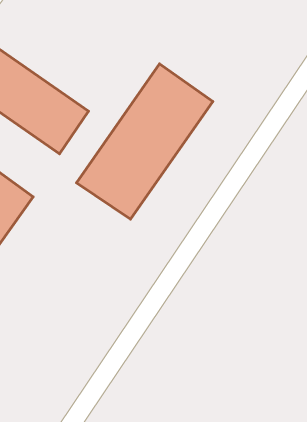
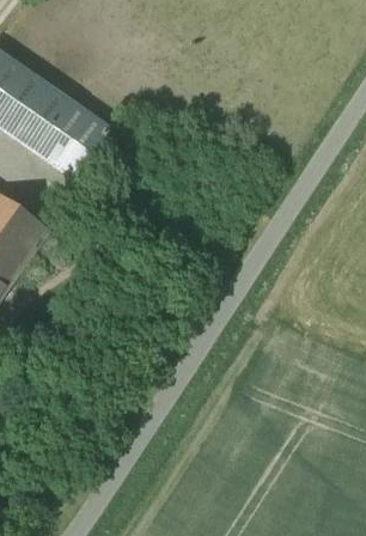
building: [77,64,213,219] -> none

